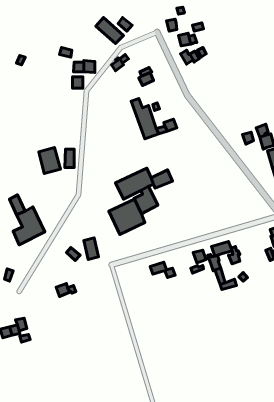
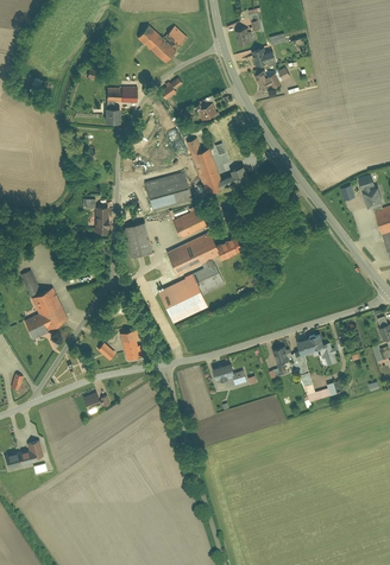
building: none -> [144,172,190,210]
building: [39,148,60,173] -> [122,222,152,258]
building: none -> [170,209,205,240]

